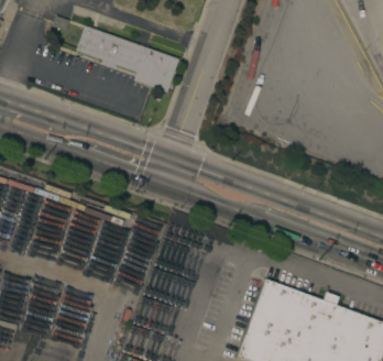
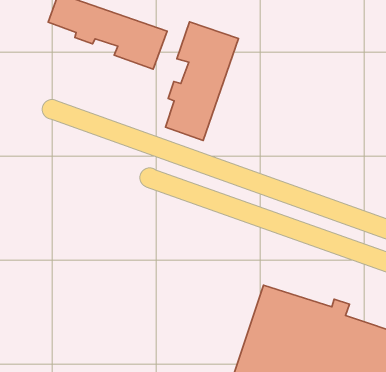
building: none -> [166,22,239,140]

